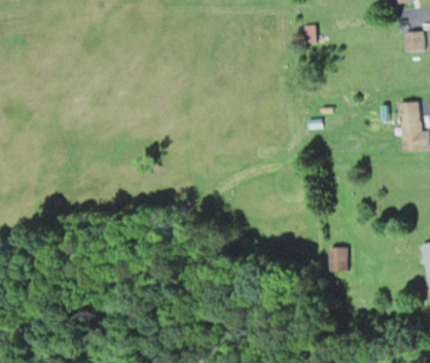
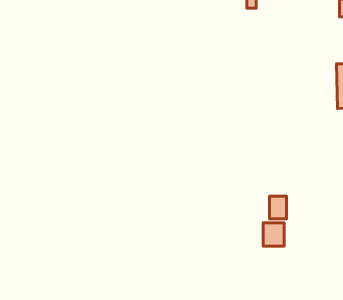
building: none -> [263,223,284,246]

